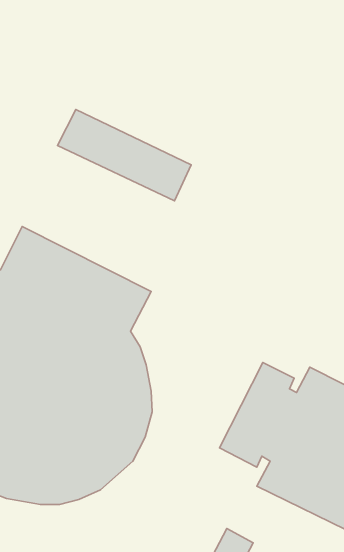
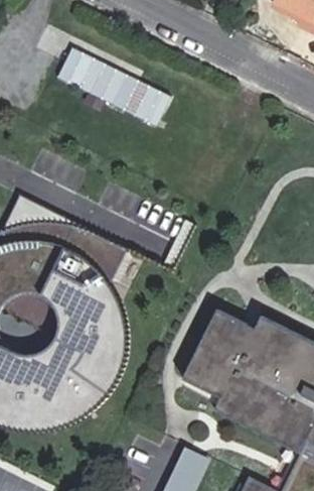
building: [58,109,191,201] -> [57,50,169,127]

